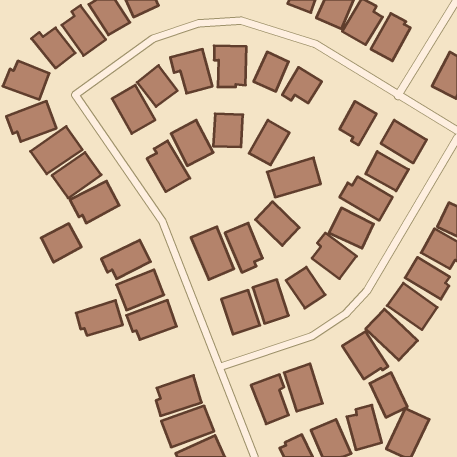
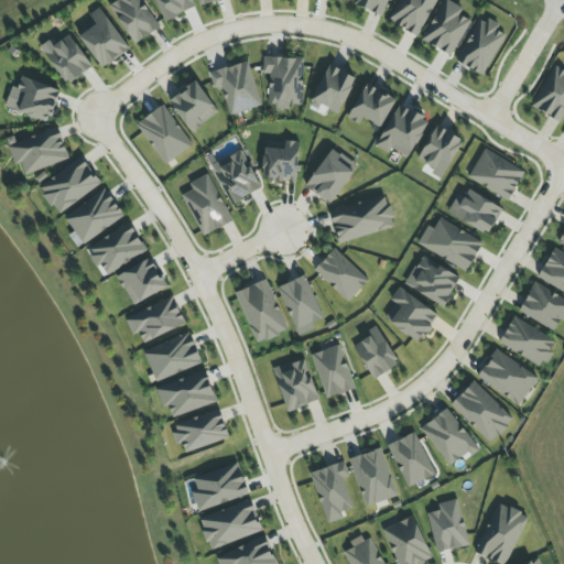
building: none -> [378,104,430,160]
building: [41,224,81,262] -> [118,258,167,305]
building: [76,300,123,335] -> [173,409,230,452]
building: [370,373,407,417] -> [389,432,435,487]

